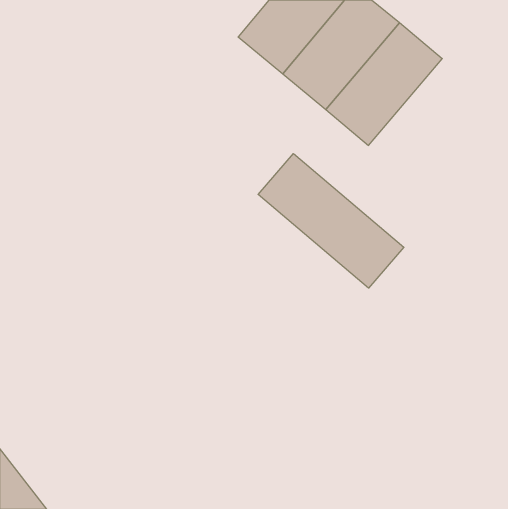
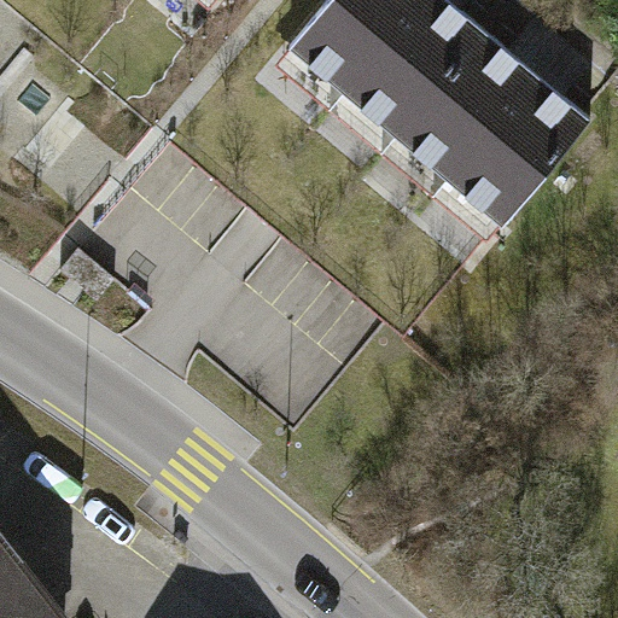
building: none -> [447,71,591,223]
building: [258,154,404,288] -> none

